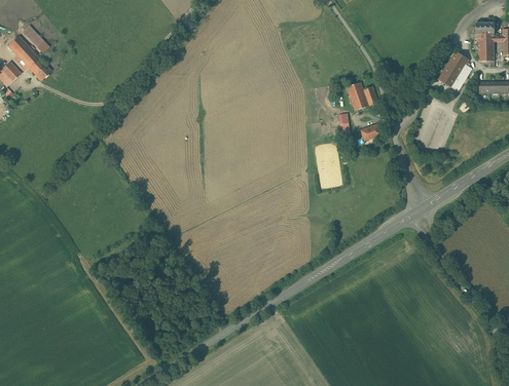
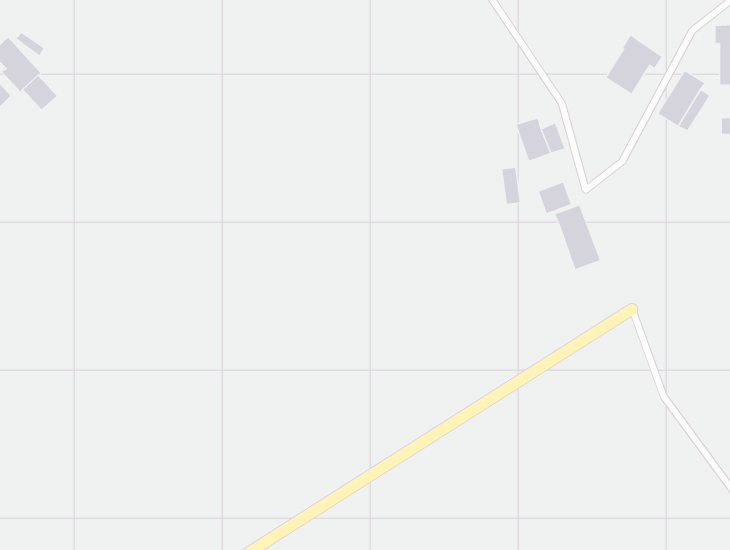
building: none -> [606,35,662,94]
building: none -> [554,205,600,270]

